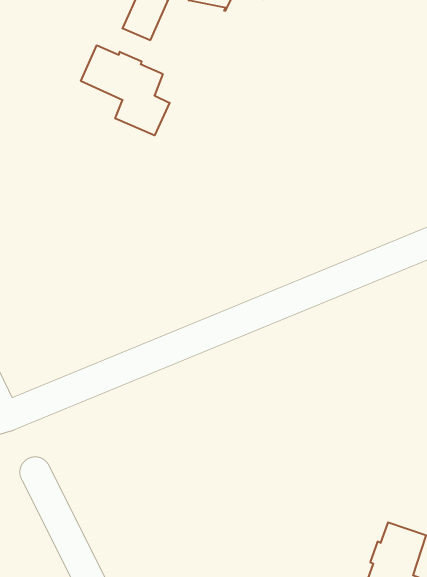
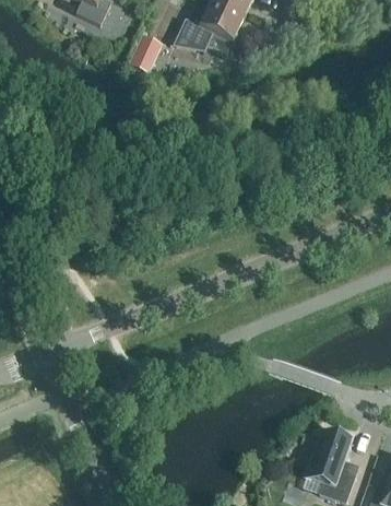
building: [81,45,170,135] -> none

